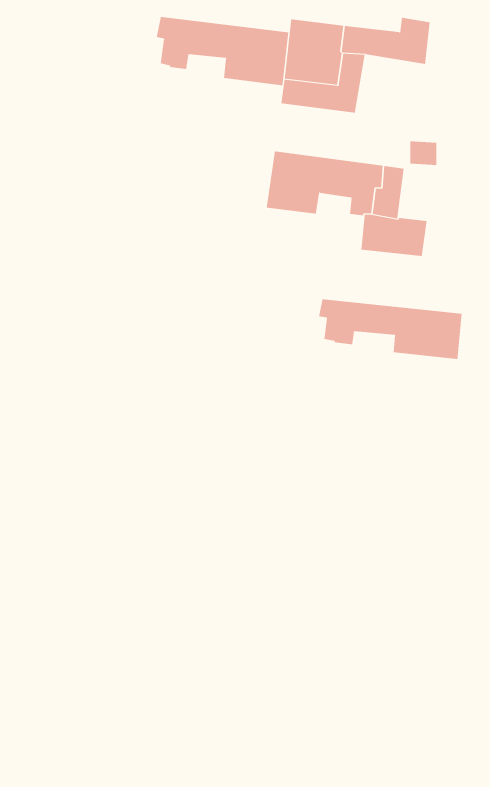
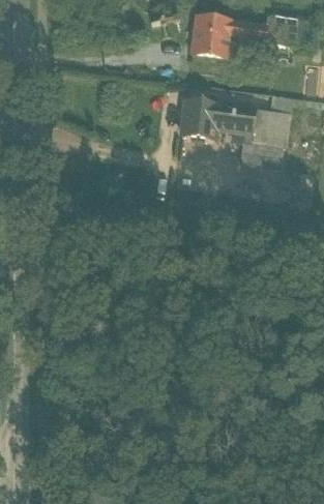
building: [156,16,289,86] -> none
building: none -> [264,108,288,141]
building: [318,298,462,360] -> none

